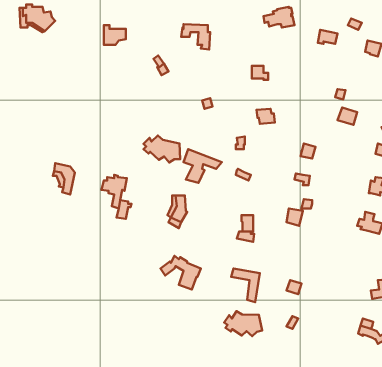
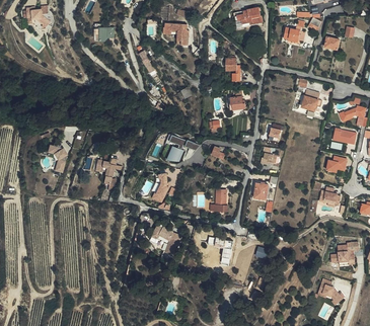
building: [143,135,180,163] -> none
building: [224,311,262,336] -> none

